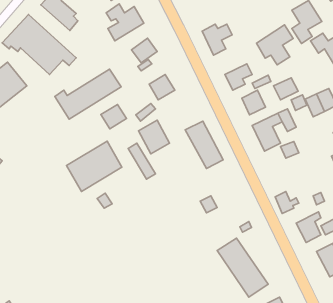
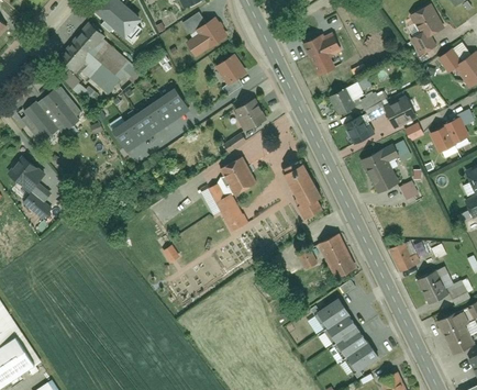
building: [256,25,293,65] -> none
building: [101,104,126,129] -> none
building: [66,141,122,191] -> none
building: none -> [319,232,356,276]

